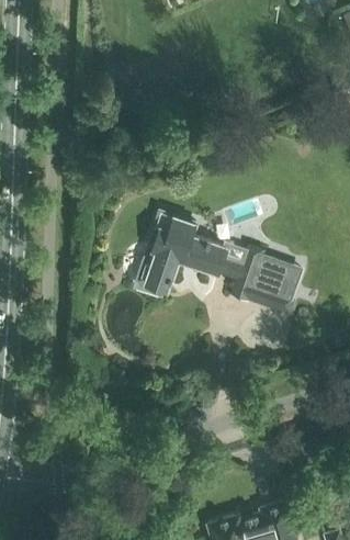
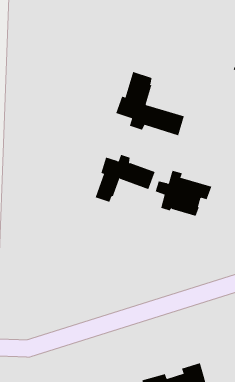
building: none -> [115,71,184,136]

